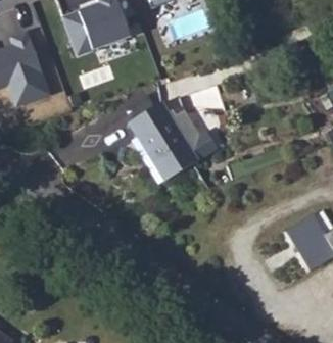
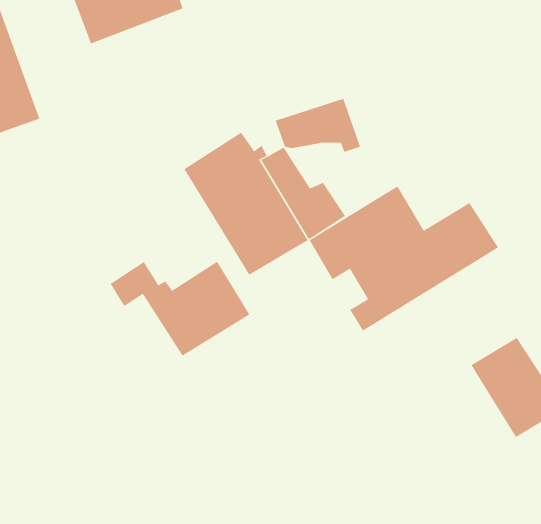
building: none -> [309,185,499,332]
building: none -> [110,261,250,356]

